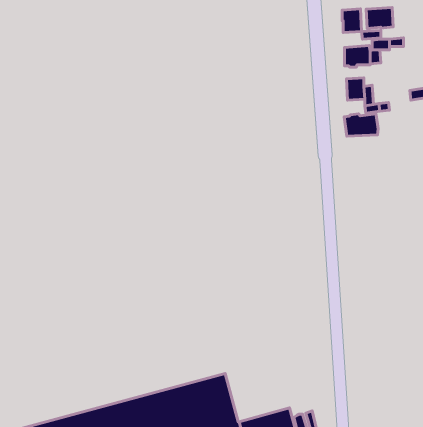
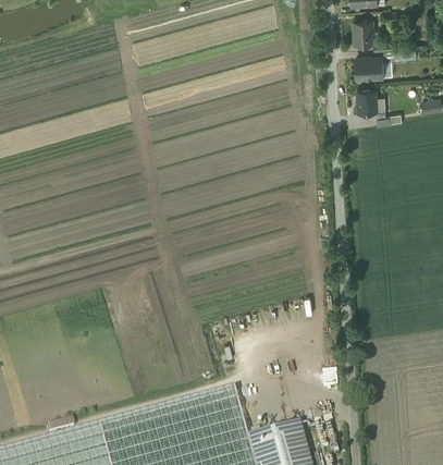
building: [366,8,393,29] -> none
building: [344,114,378,136] -> none

